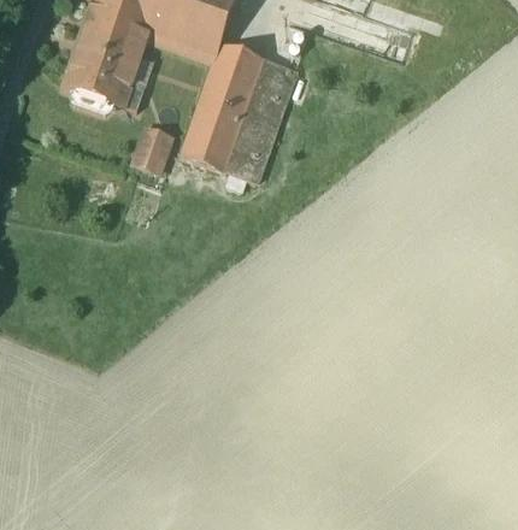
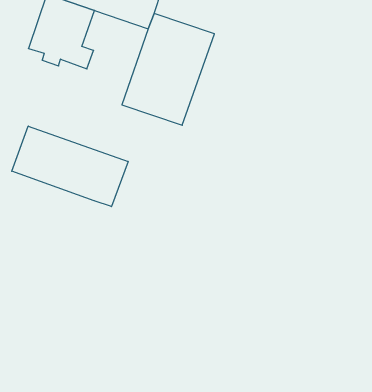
building: [134,129,171,171] -> none
building: none -> [12,126,128,207]

